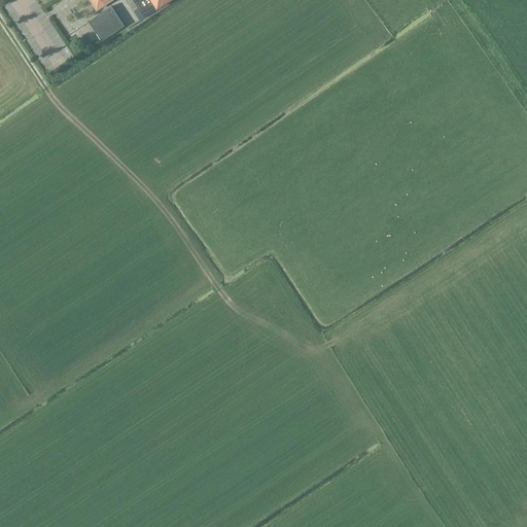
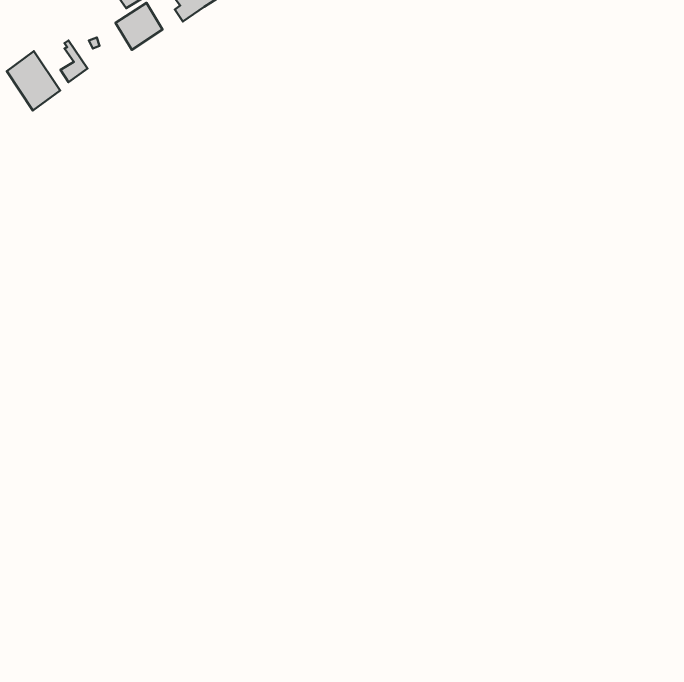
building: none -> [7,51,60,111]

